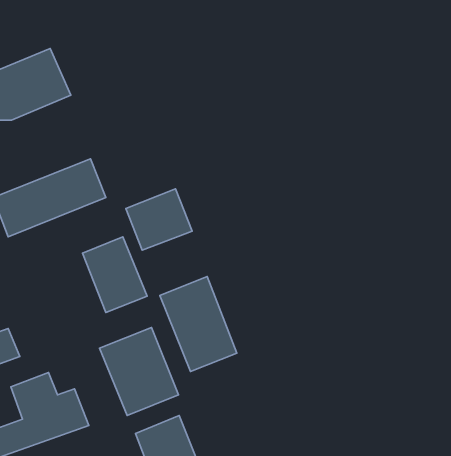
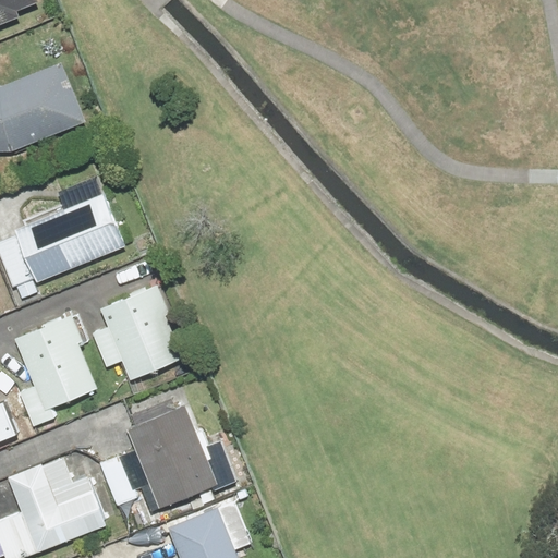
building: [126,189,192,250] -> none
building: none -> [14,319,92,411]
building: [160,276,237,371] -> none

